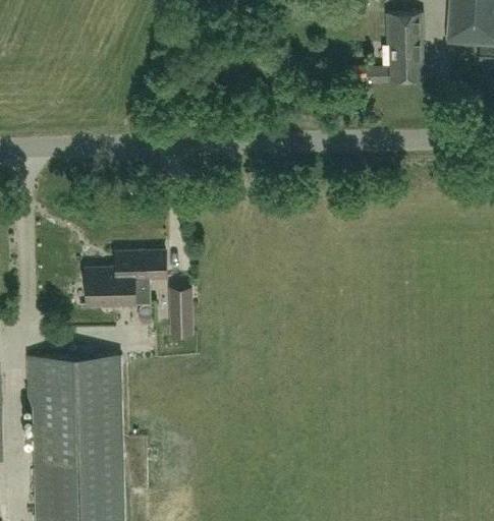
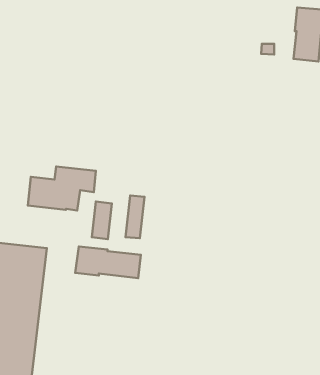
building: none -> [125,196,144,238]
building: none -> [75,246,141,278]

